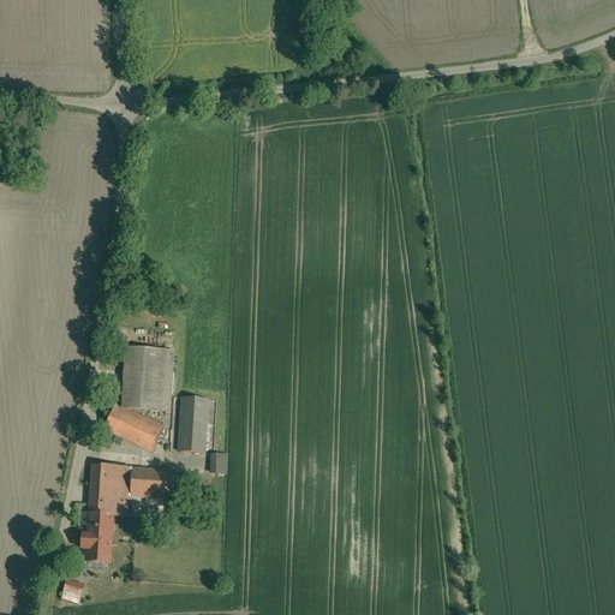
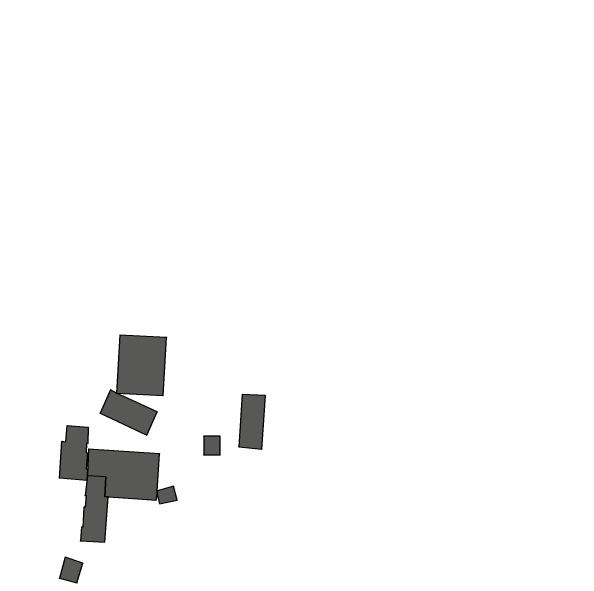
building: [178,395,205,452] -> [239,394,265,449]
building: none -> [59,426,88,481]

